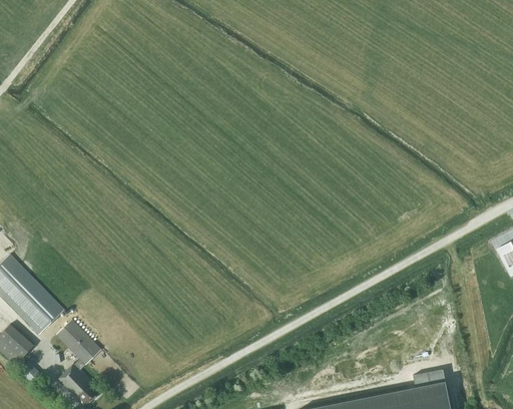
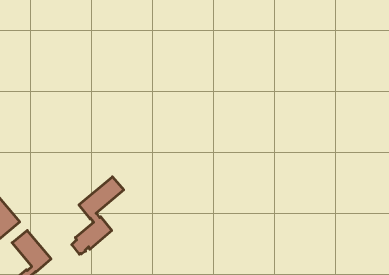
building: none -> [72,177,124,254]

